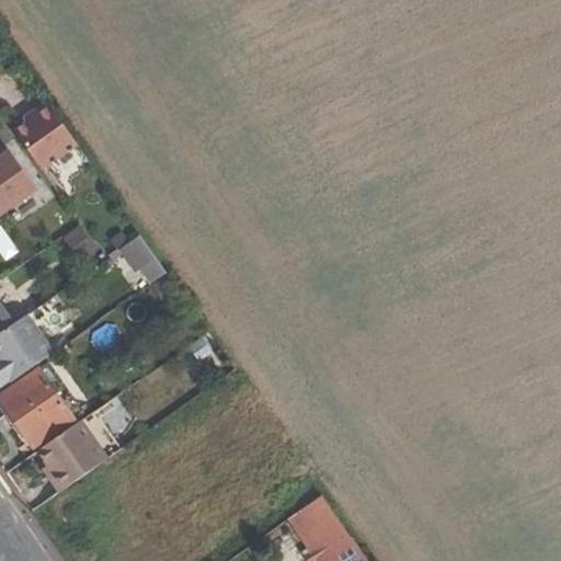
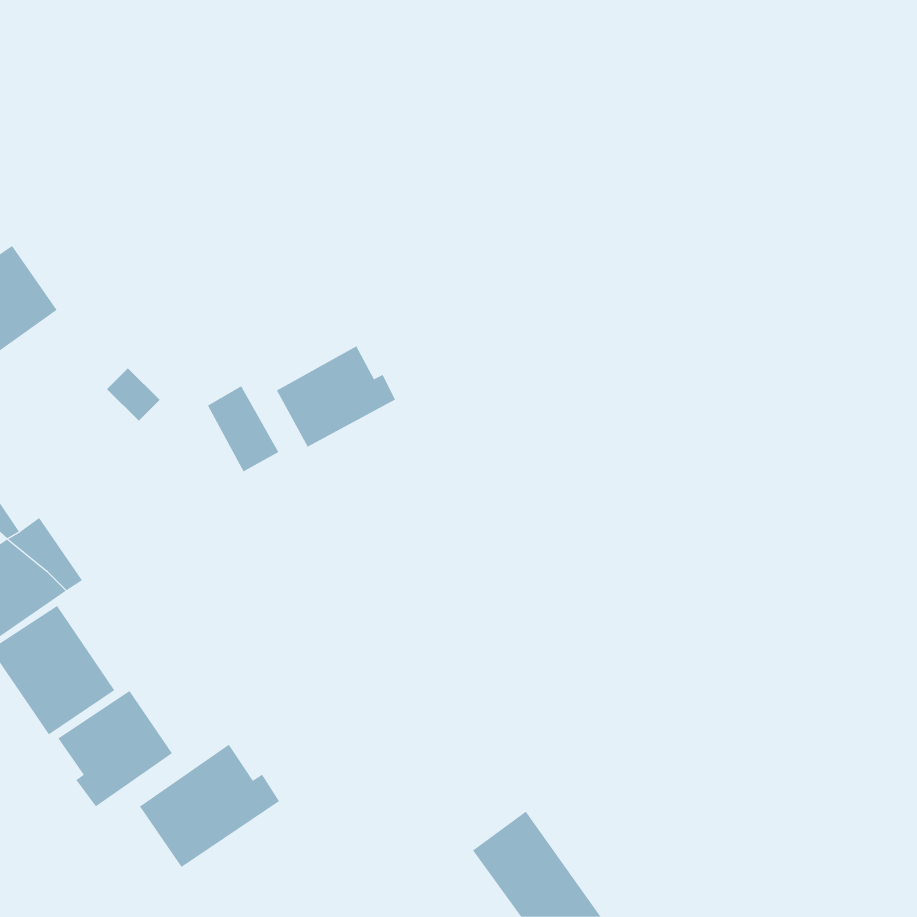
building: [14,103,78,172] -> none
building: none -> [276,345,396,448]
building: none -> [139,744,280,868]

